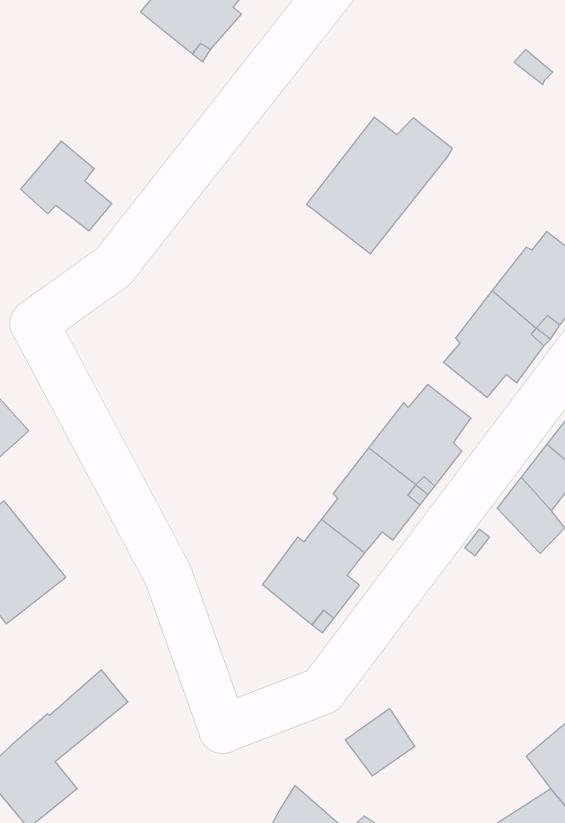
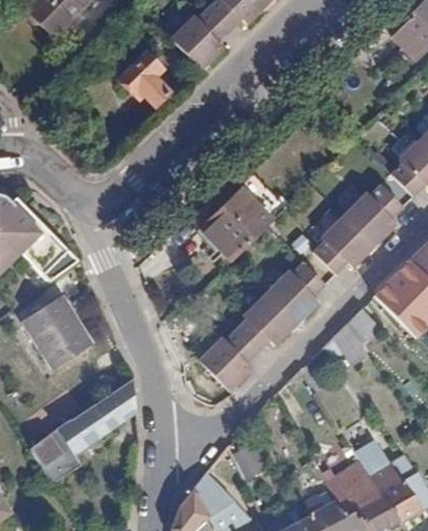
building: [307,117,452,254] -> [184,199,269,275]
building: [20,141,112,231] -> [120,52,170,104]
building: none -> [69,379,135,451]

